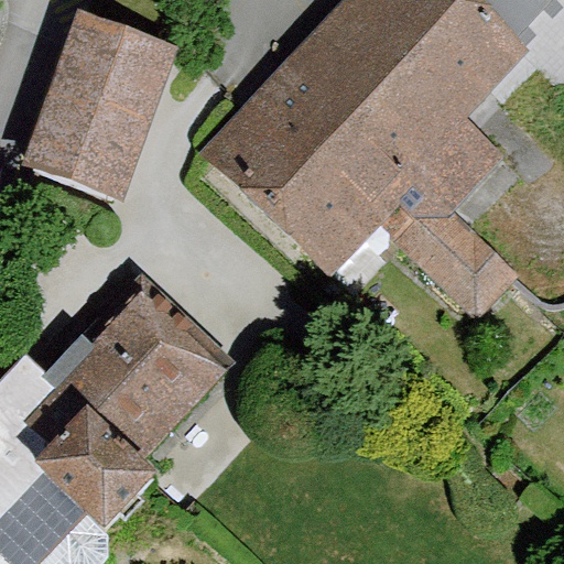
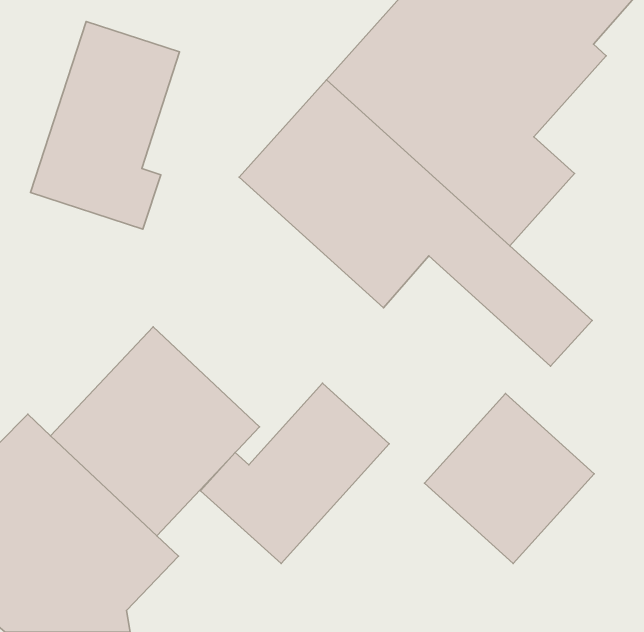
building: none -> [201,383,389,564]
building: none -> [424,393,594,564]

